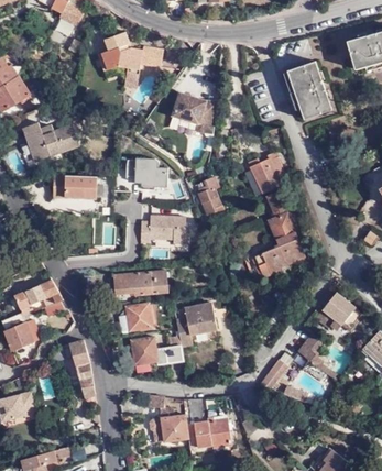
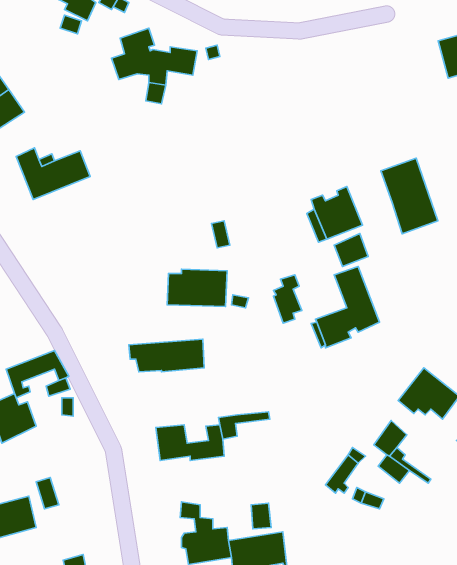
building: [287,61,331,119] -> [381,158,438,234]
building: [173,94,217,132] -> none
building: [127,160,167,191] -> none
building: [48,175,96,197] -> none
building: [199,178,221,216] -> [273,275,302,323]
building: [125,304,151,331] -> none
building: [177,306,217,331] -> none
building: [67,341,96,401] -> none

